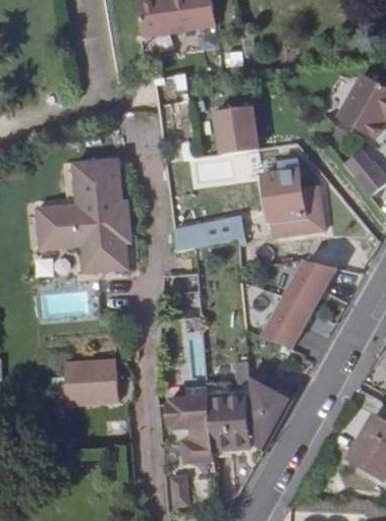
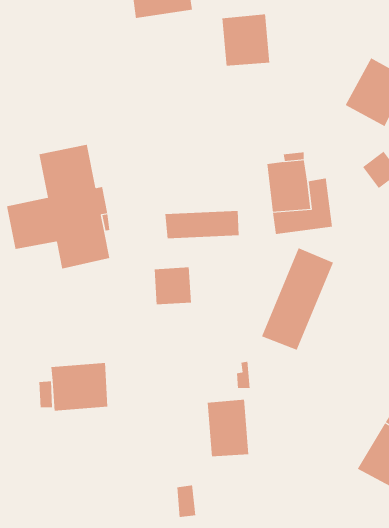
building: [210,104,256,153] -> [221,14,270,66]
building: [167,375,215,464] -> none
building: [251,389,298,454] -> none

